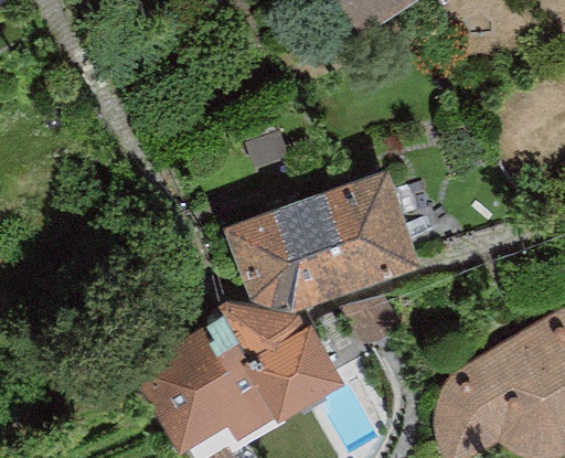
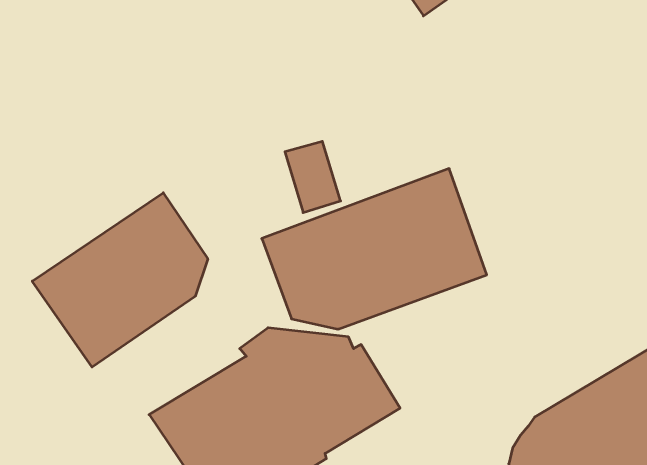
building: none -> [32,193,208,367]

